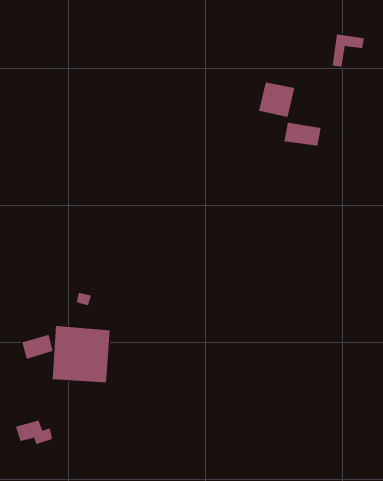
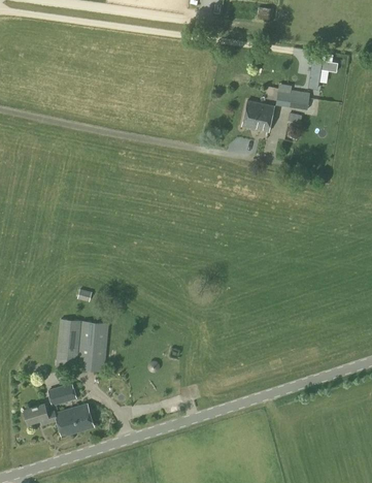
building: [284,122,322,146] -> [275,88,309,109]
building: [22,334,54,359] -> [47,383,76,406]
building: none -> [55,404,93,436]

